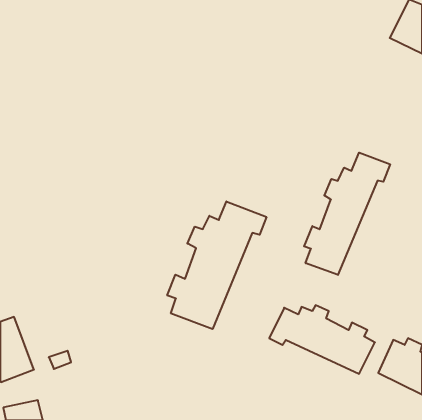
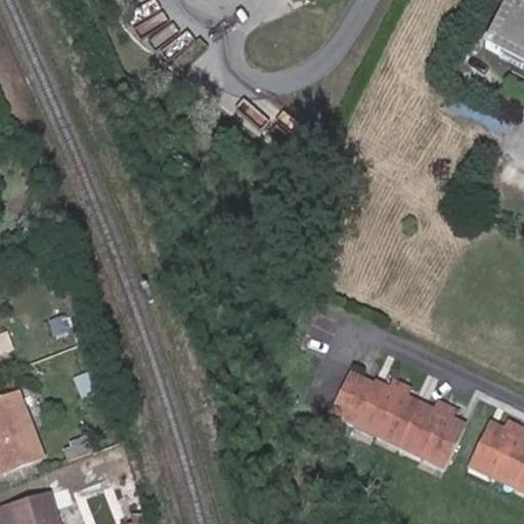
building: [304,153,390,275] -> none
building: [167,201,266,329] -> none

